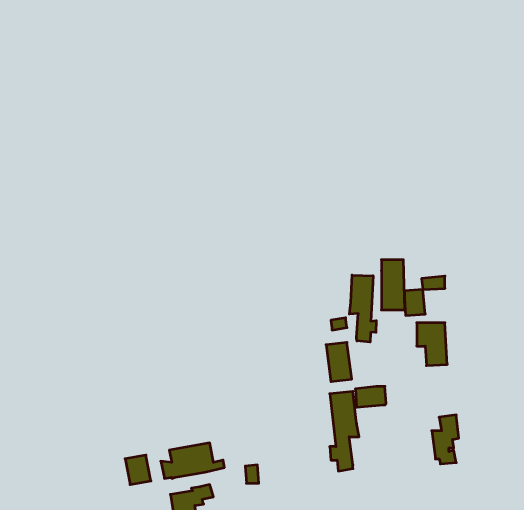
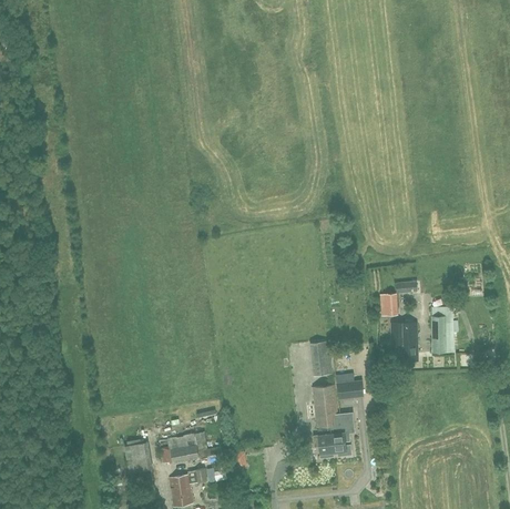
building: [381,260,405,310] -> [432,307,453,353]
building: [349,275,376,342] -> none
building: [432,415,459,464] -> [330,411,355,456]

